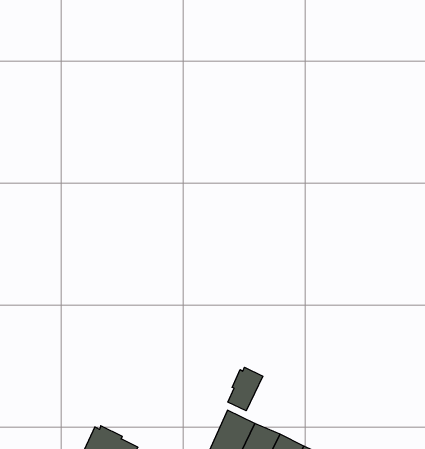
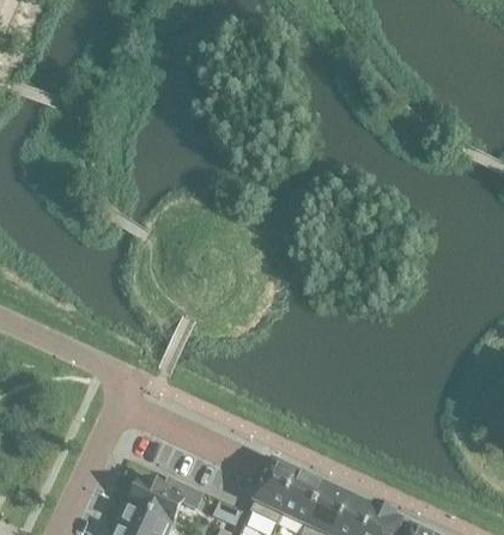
building: [228,367,263,411] -> none

